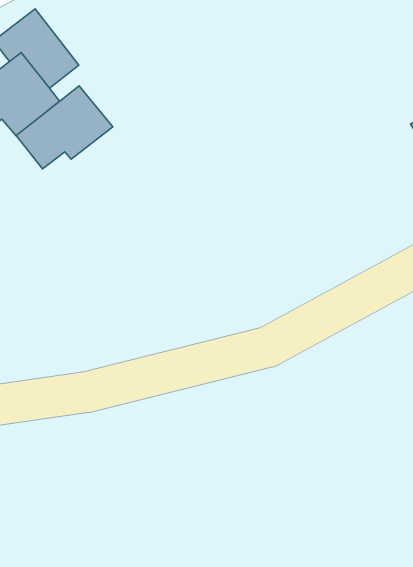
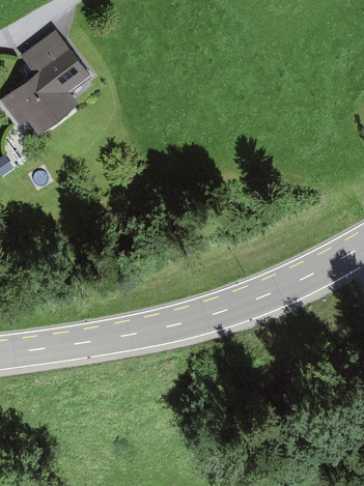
building: [16,86,113,169] -> none

